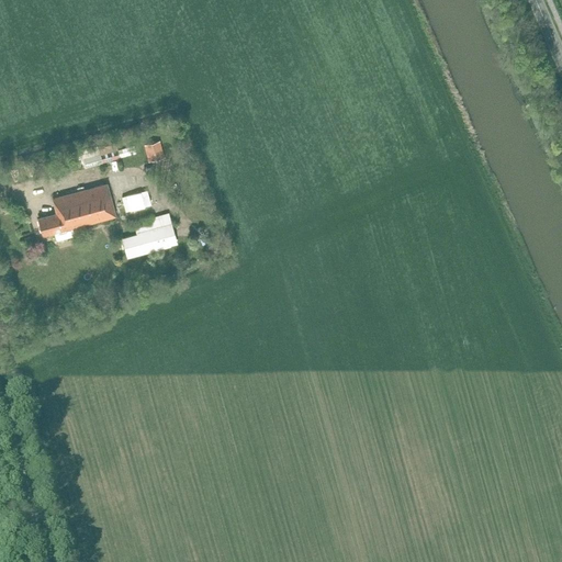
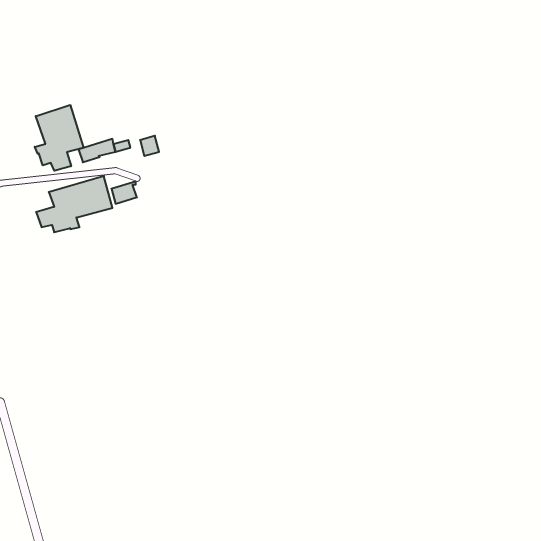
building: none -> [35,105,84,171]
building: [122,220,171,258] -> none

